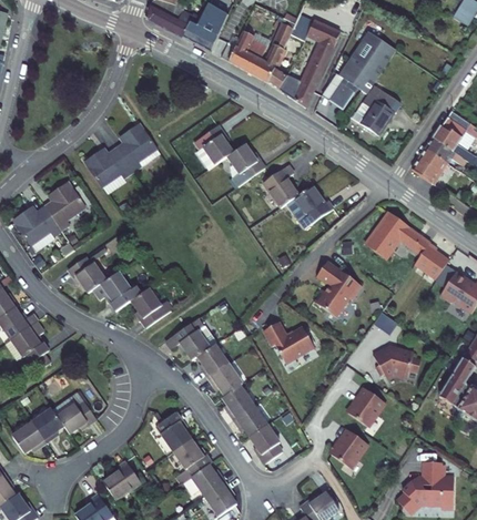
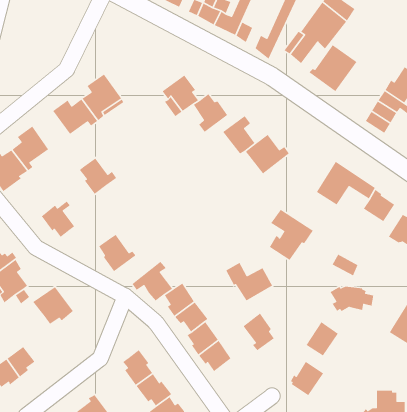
building: [98,274,139,314] -> [79,157,117,195]
building: [49,395,93,436] -> [32,286,74,325]
building: [251,424,285,465] -> [243,313,275,351]

